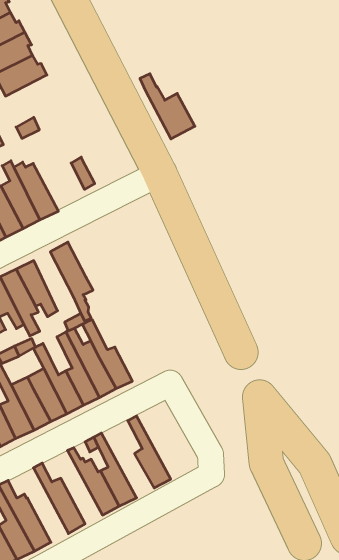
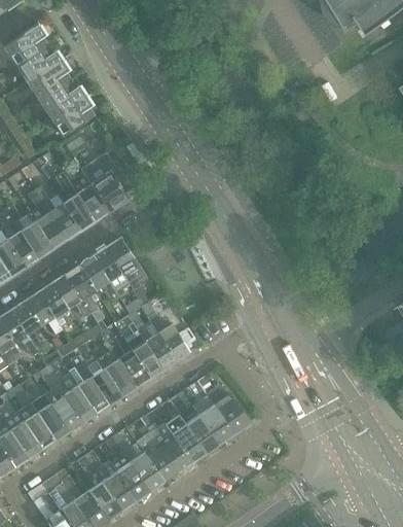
building: [140,74,195,139] -> [75,157,127,212]
building: none -> [50,95,94,136]
building: none -> [91,248,130,298]
building: none -> [196,377,250,433]
building: none -> [168,395,219,453]
building: none -> [133,419,177,481]
building: none -> [105,437,149,500]

